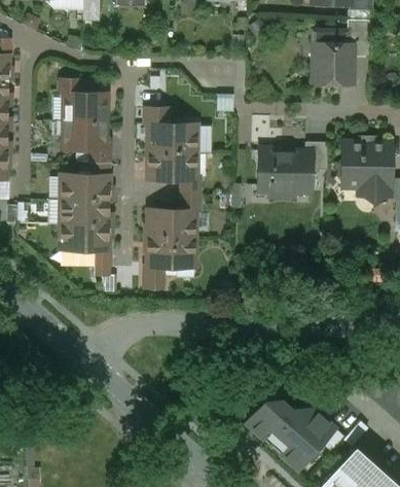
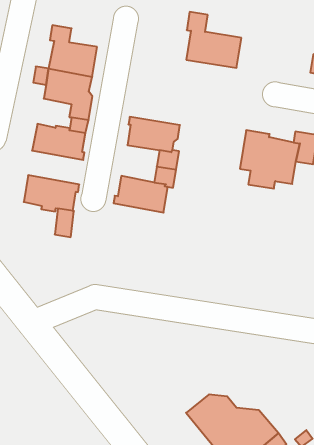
building: [144,108,196,153] -> [186,12,241,68]
building: [62,200,111,224] -> none
building: [144,237,194,289] -> none

